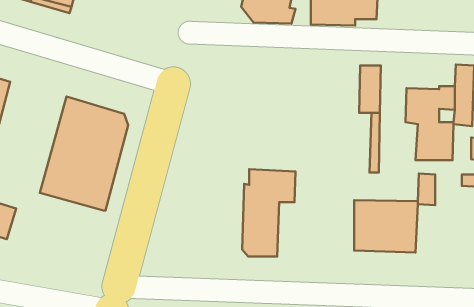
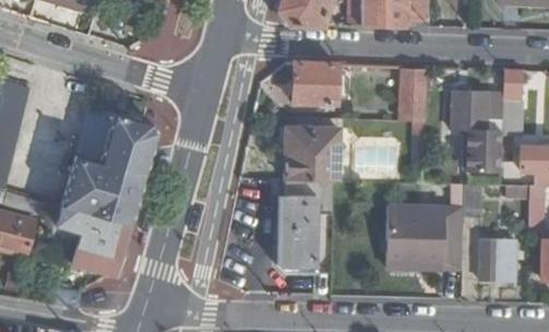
building: none -> [293,63,341,100]
building: none -> [284,130,339,183]
building: none -> [58,206,129,275]
building: none -> [480,242,516,282]

